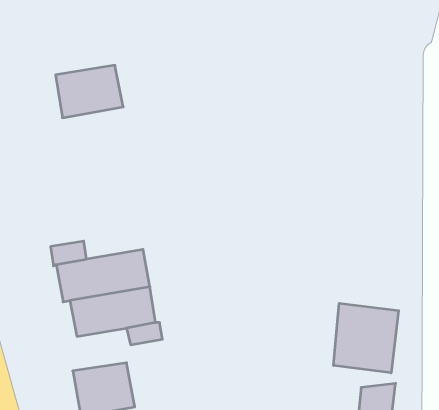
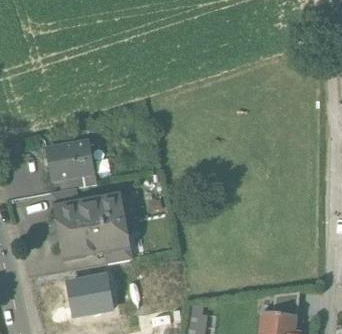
building: [56,65,123,118] -> [46,142,95,180]
building: [334,303,399,373] -> none

